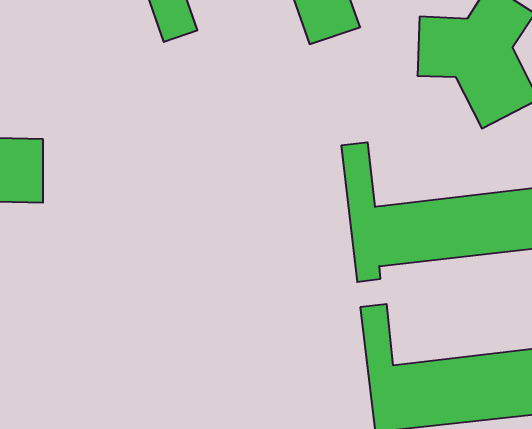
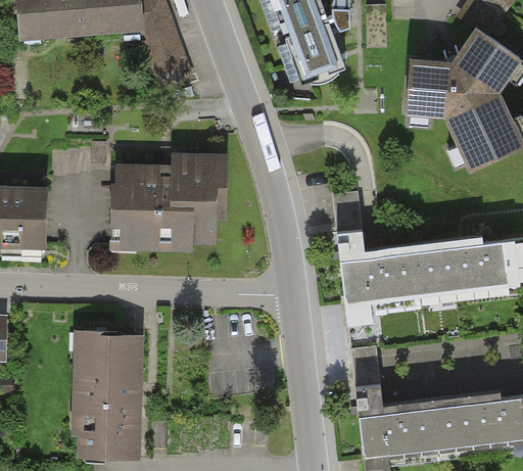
building: none -> [113,161,228,248]
building: none -> [72,329,141,453]

